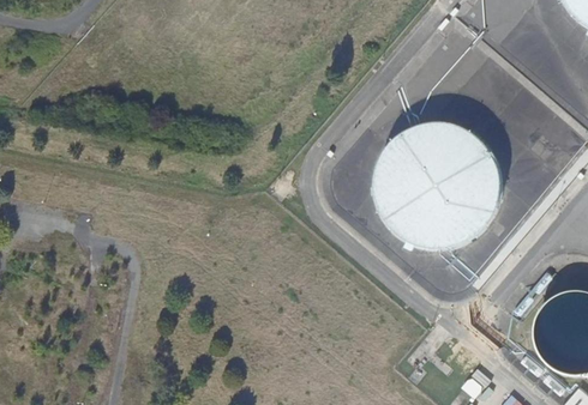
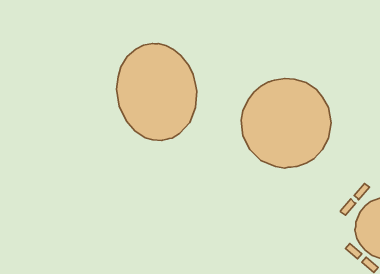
building: none -> [117,43,197,140]

